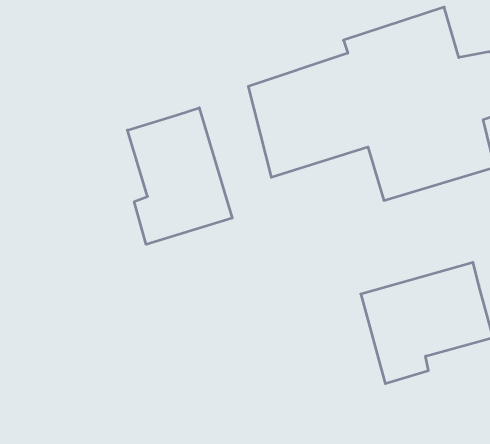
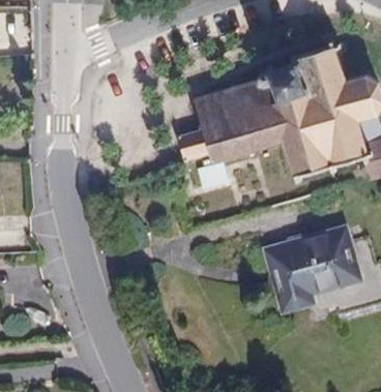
building: [127,108,232,244] -> none

